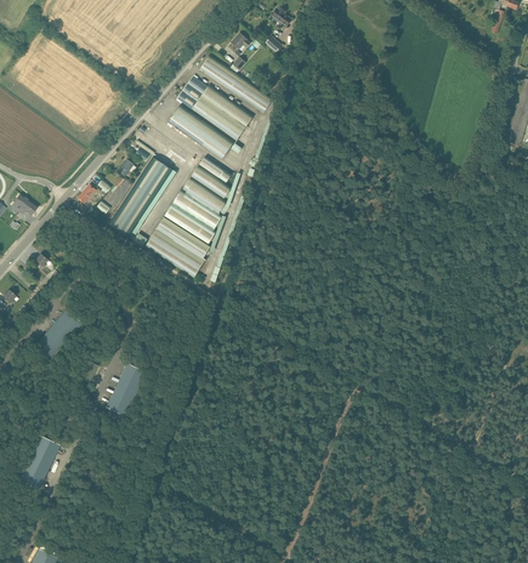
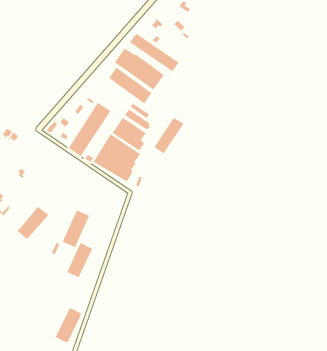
building: none -> [153,117,184,155]
building: none -> [61,209,90,248]
building: [18,436,59,490] -> [55,307,83,344]

